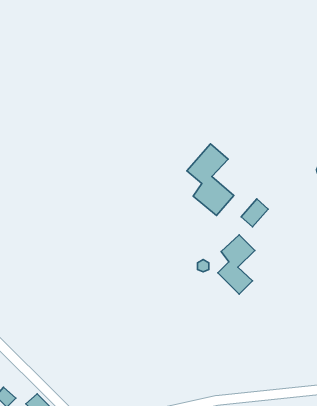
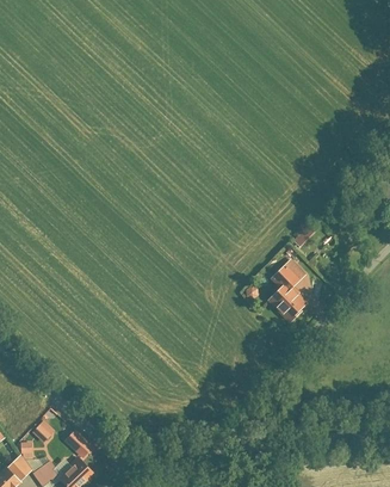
building: [187,144,234,215] -> none

